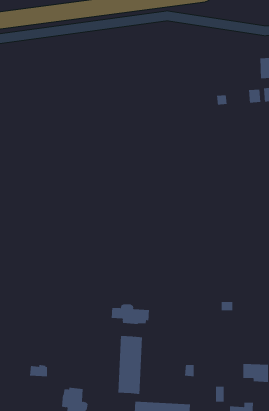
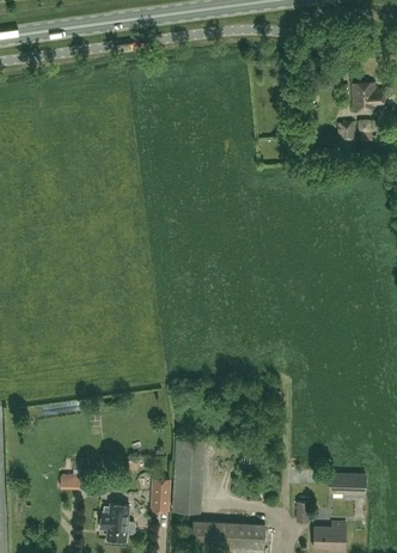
building: [111,304,150,325] -> none
building: none -> [149,479,169,512]

